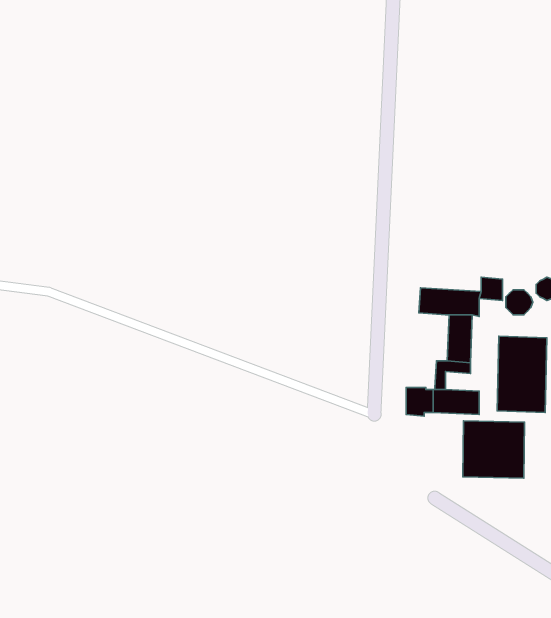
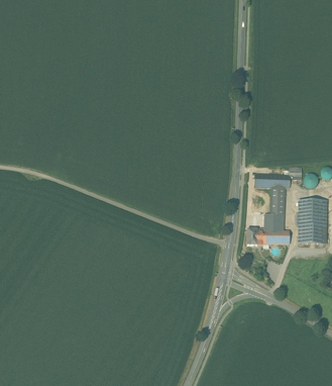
building: [463,421,525,478] -> none

